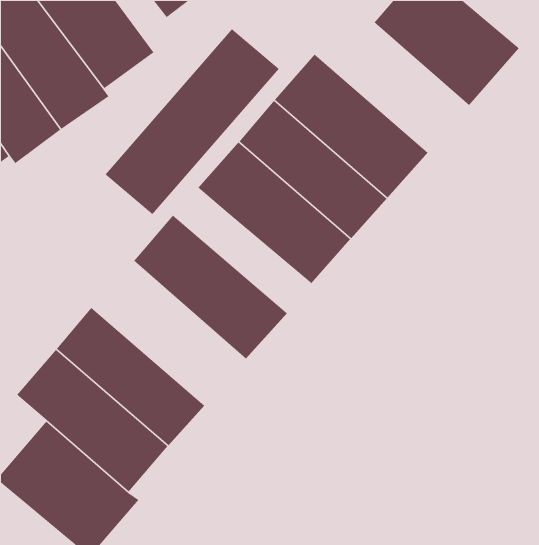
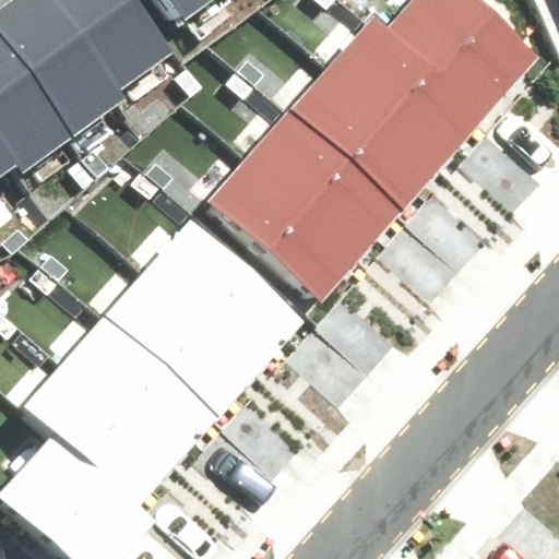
building: none -> [330,11,487,158]
building: [105,28,280,215] -> none
building: none -> [103,269,260,416]

